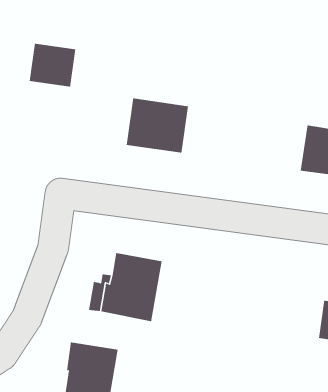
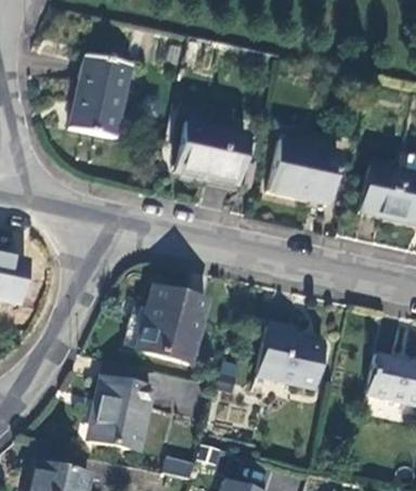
building: none -> [72,96,122,139]
building: none -> [270,140,341,206]
building: none -> [259,324,325,387]

